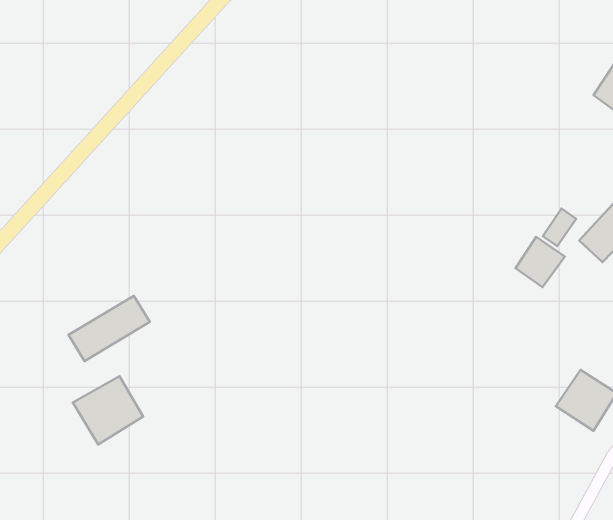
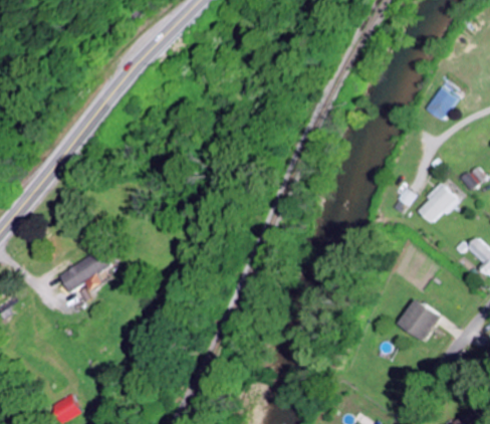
building: [515,237,565,287] -> none
building: [73,376,143,445] -> none

